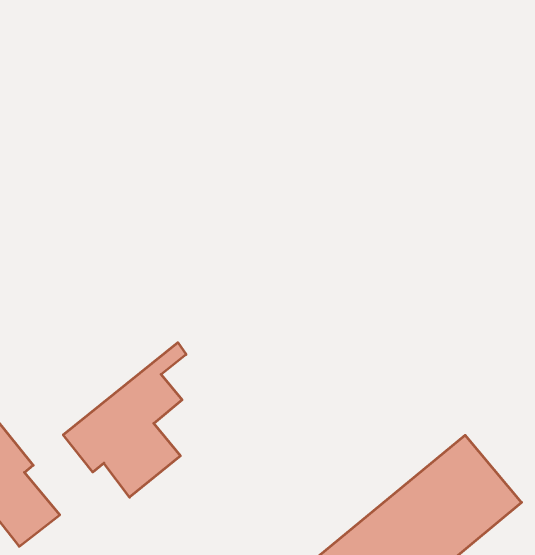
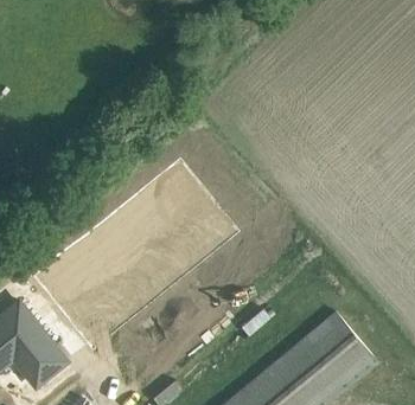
building: [63,343,186,497] -> none

